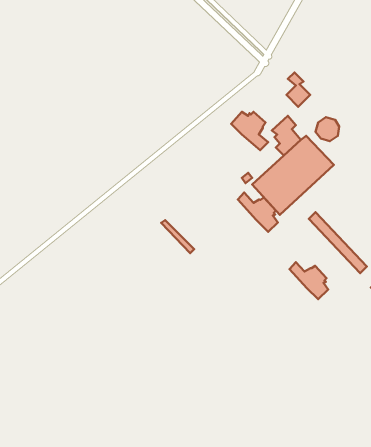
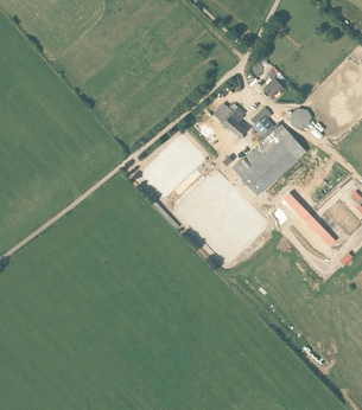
building: [238,192,278,232] -> none
building: [289,262,328,299] -> none

